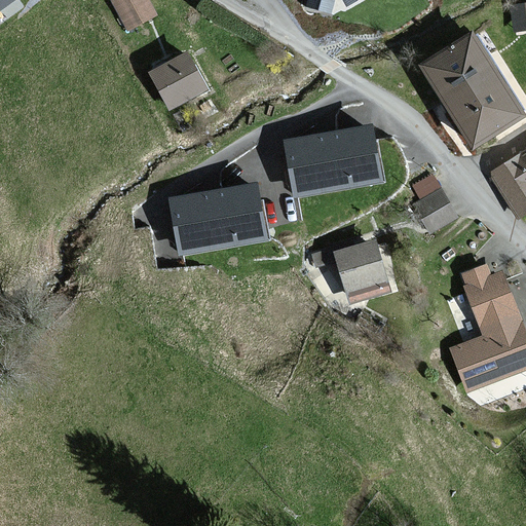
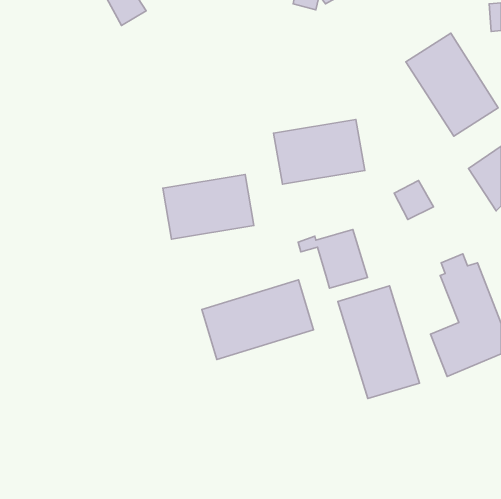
building: [148,53,202,108] -> none
building: none -> [202,280,313,359]
building: none -> [338,286,419,399]

